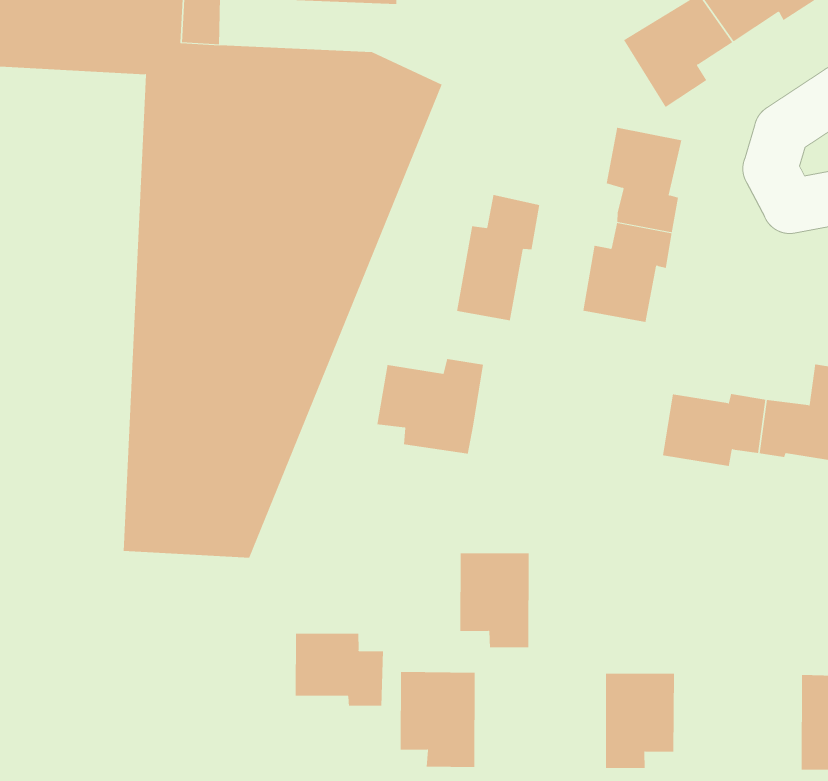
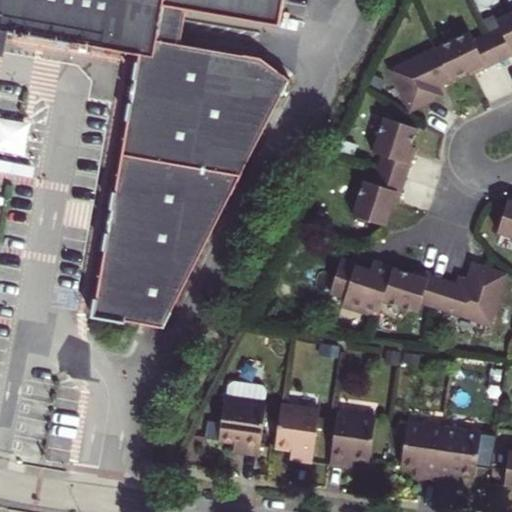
building: [456,194,540,321] -> none
building: [377,358,484,454] -> [333,259,396,314]
building: [459,553,529,648] -> [277,406,321,463]
building: [295,633,384,706] -> none
building: none -> [403,424,446,481]

